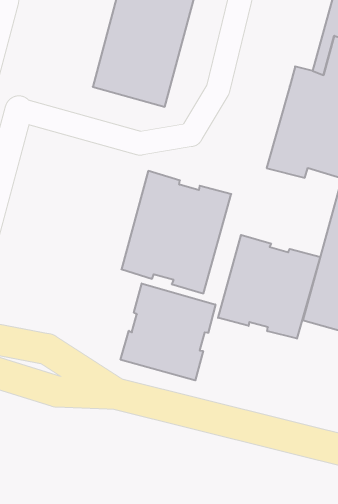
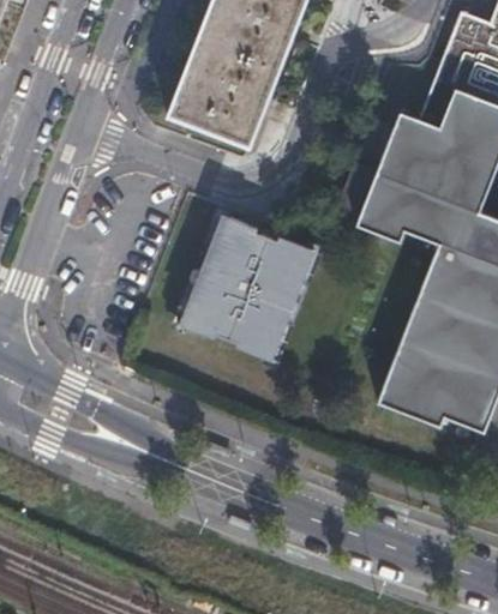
building: [218,235,320,339] -> none
building: [121,283,215,380] -> none

